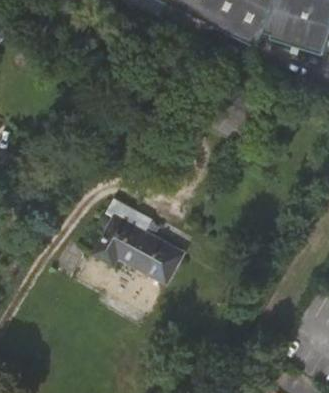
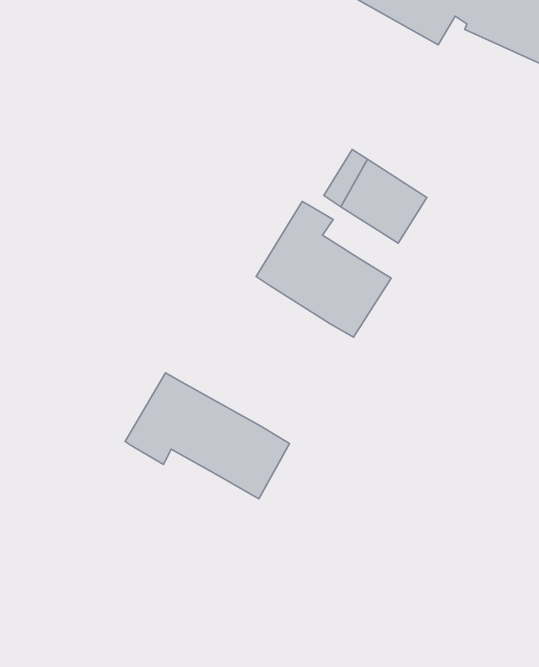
building: none -> [256,202,391,337]

